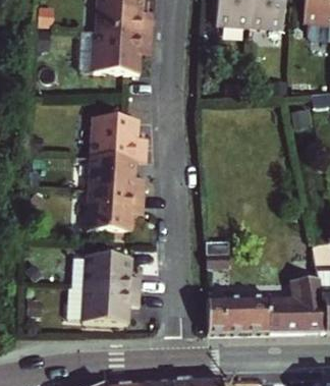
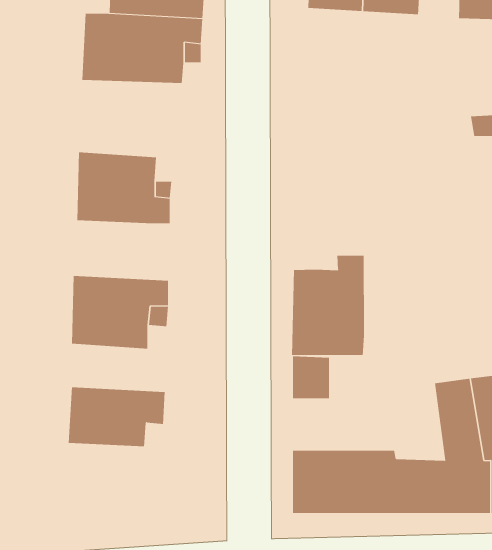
building: [78,154,136,189] -> none
building: none -> [292,255,365,356]
building: [73,286,130,325] -> none

